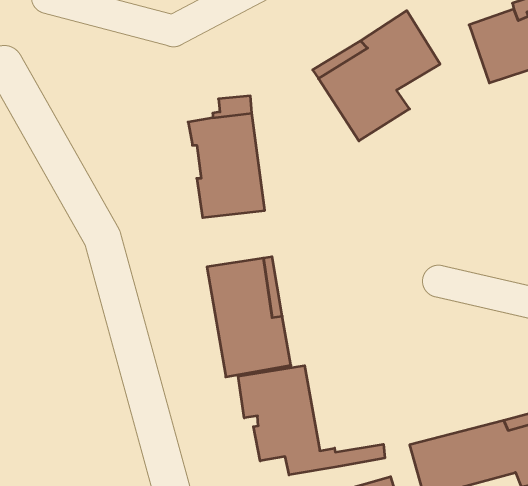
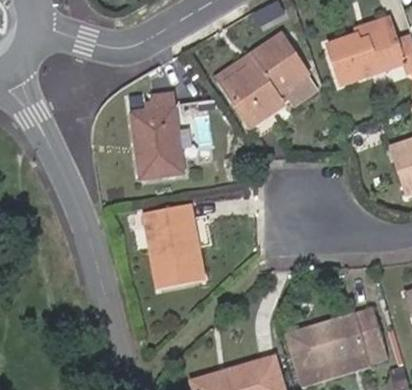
building: [238,366,385,475] -> none

